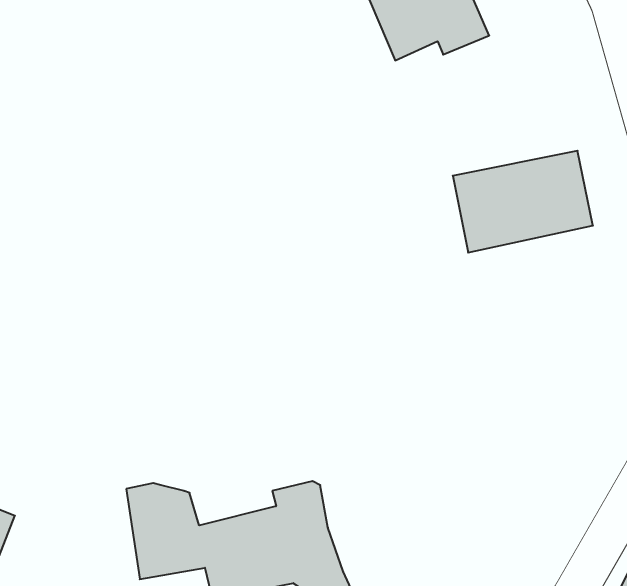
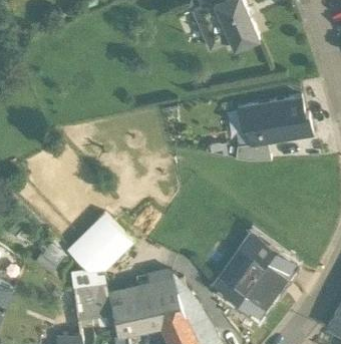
building: none -> [67,219,128,275]
building: none -> [218,234,295,314]

